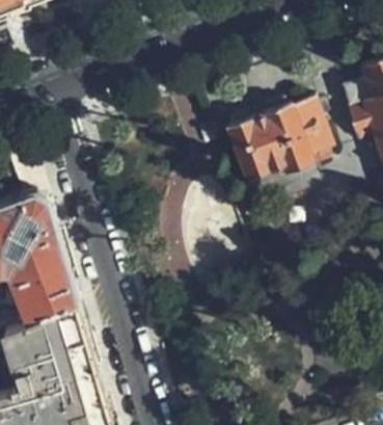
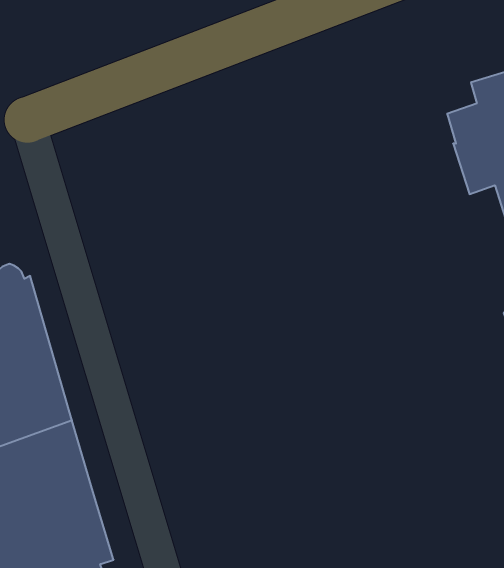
building: [223,98,333,183] -> none

